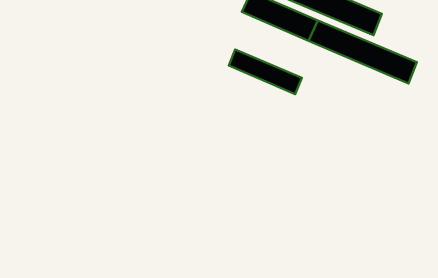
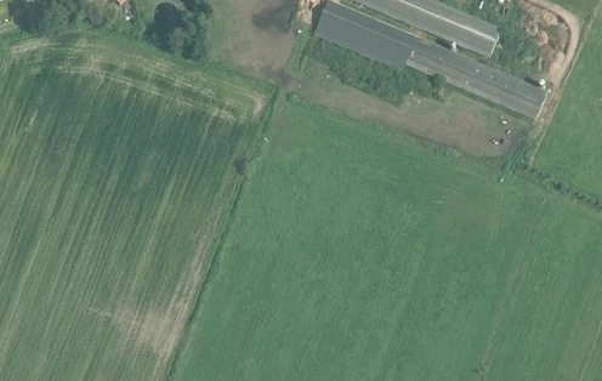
building: [229,49,302,94] -> none

